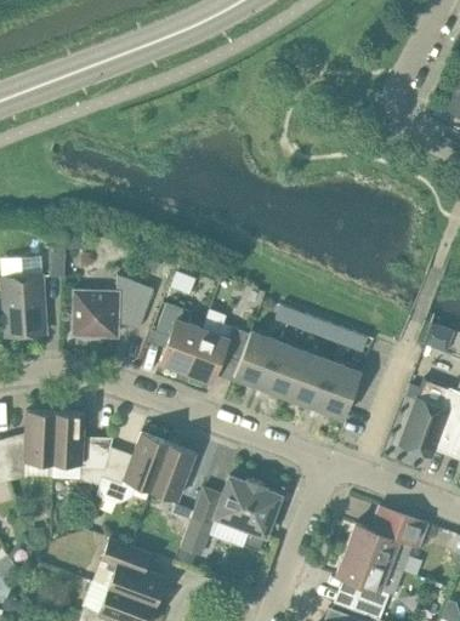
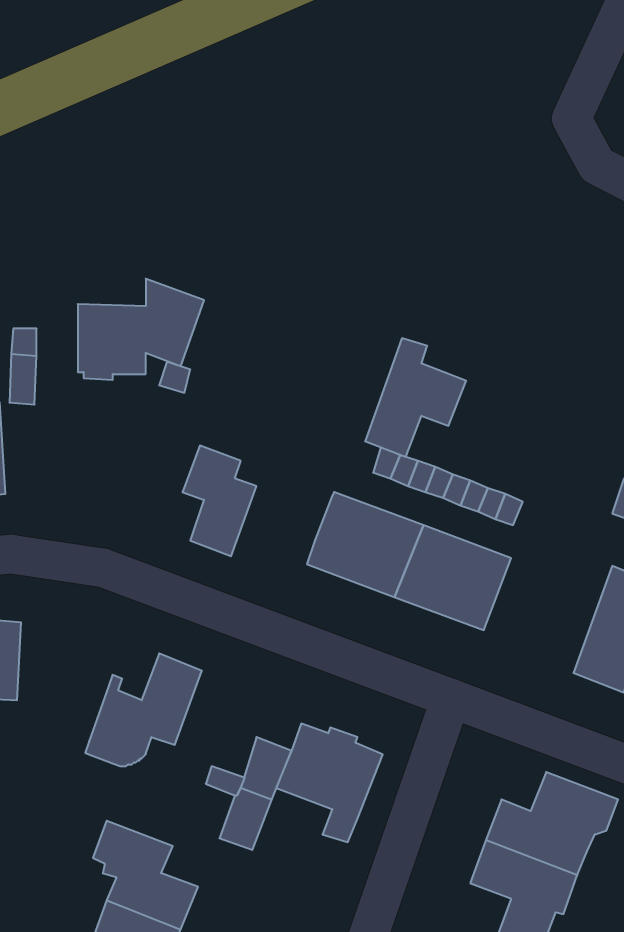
building: [74,277,153,340] -> [78,279,204,380]
building: [186,308,249,382] -> [365,338,466,457]
building: [52,414,112,488] -> none
building: [151,444,194,500] -> none

